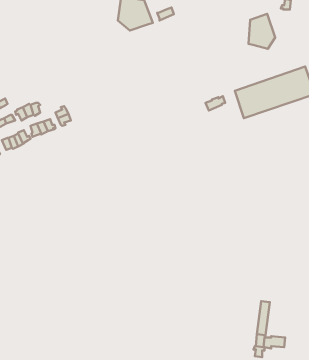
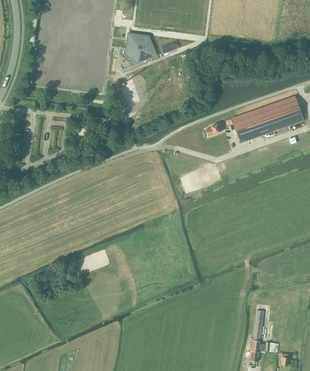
building: [248,14,275,49] -> none

